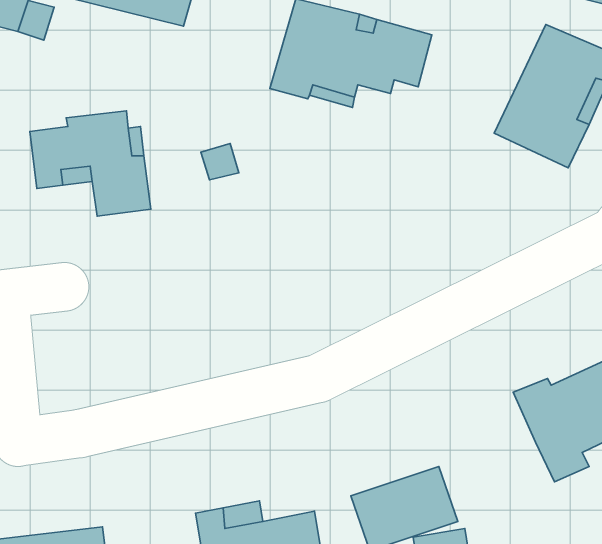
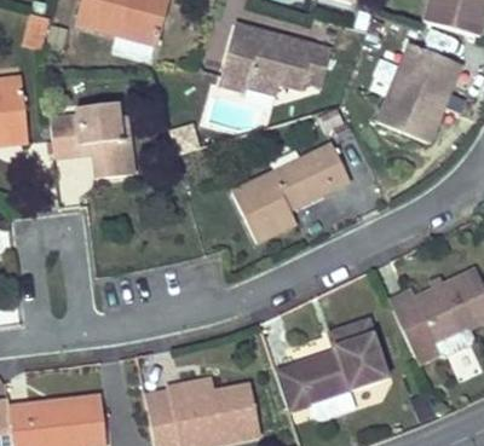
building: none -> [231,141,348,242]
building: none -> [329,320,387,390]

